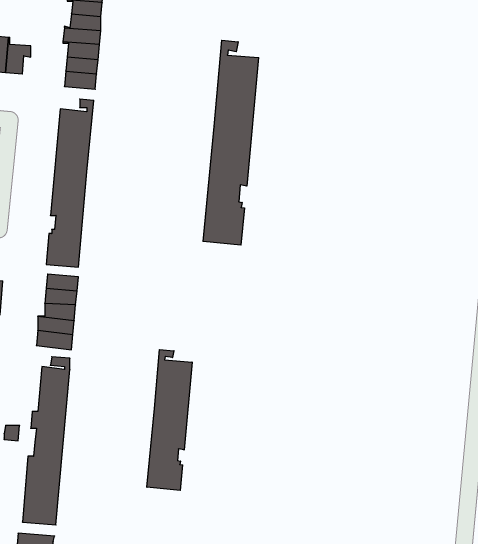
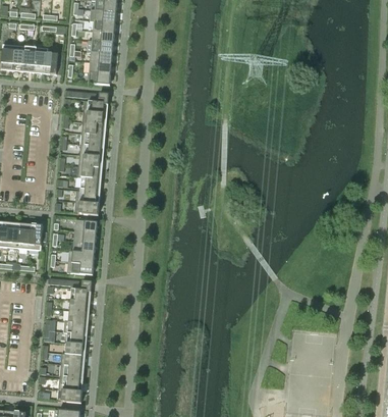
building: [203,40,259,245] -> none
building: [147,350,192,490] -> none

